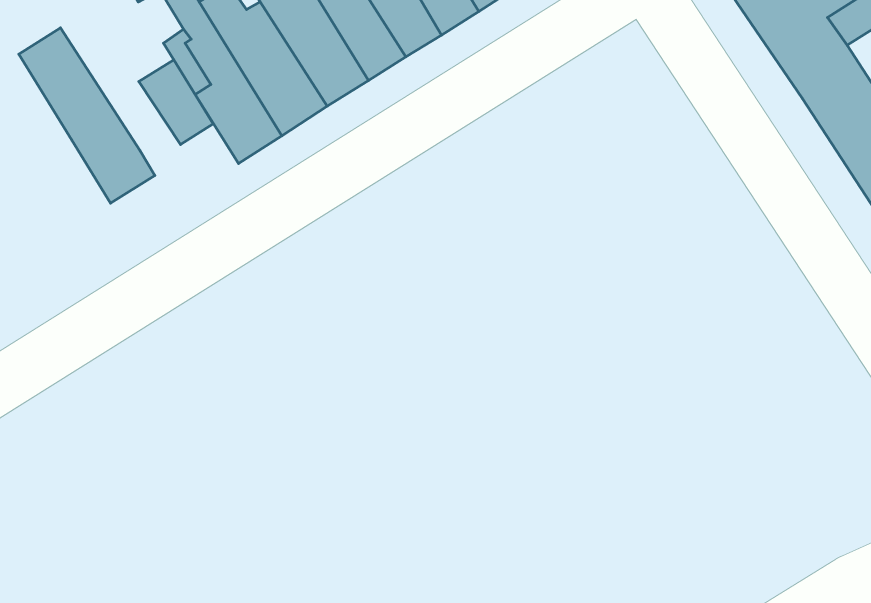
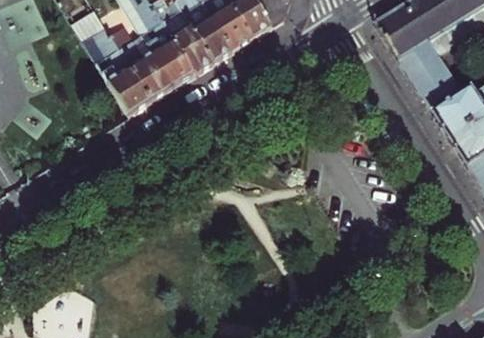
building: [19,28,155,203] -> none
building: [139,60,213,145] -> none

